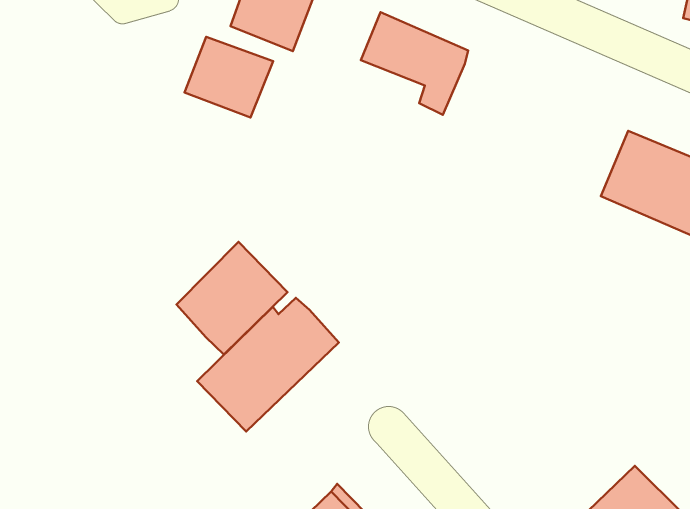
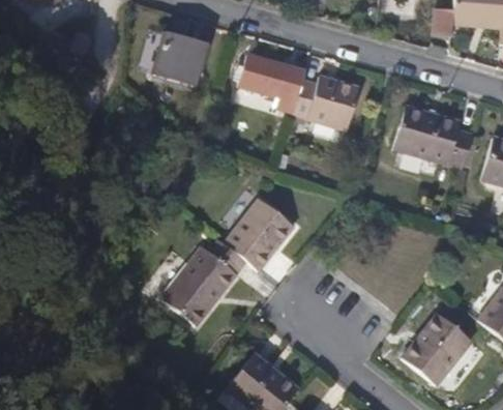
building: [185,37,273,118] -> none
building: none -> [291,77,356,128]
building: [176,242,288,355] -> [226,200,293,270]

